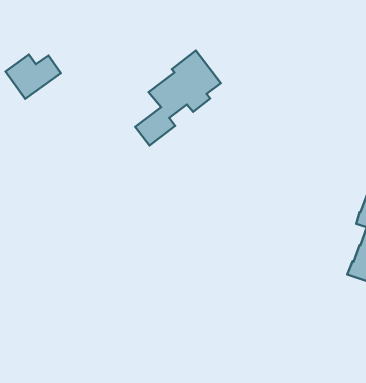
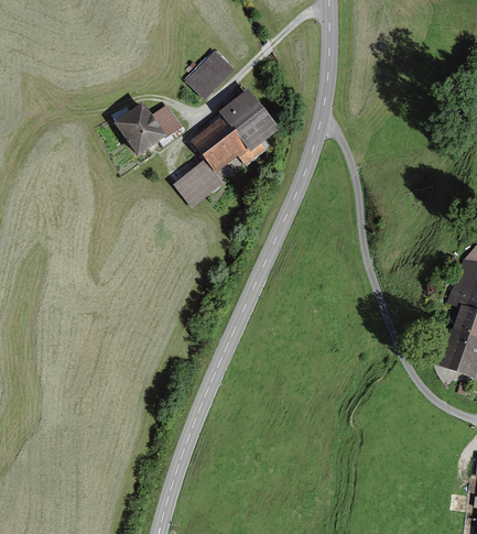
building: none -> [185,51,236,100]
building: [6,55,61,99] -> [115,102,183,157]

